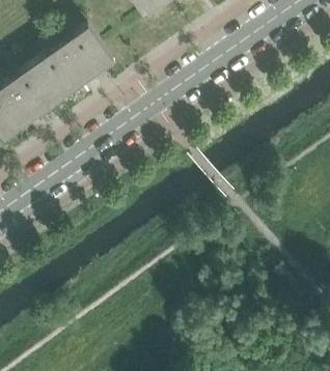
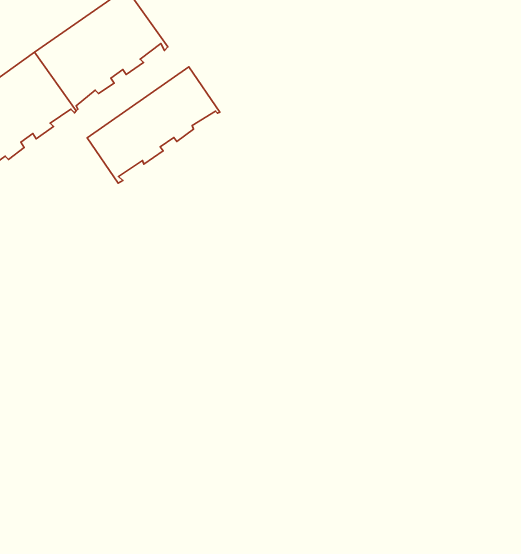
building: none -> [87,67,220,183]

